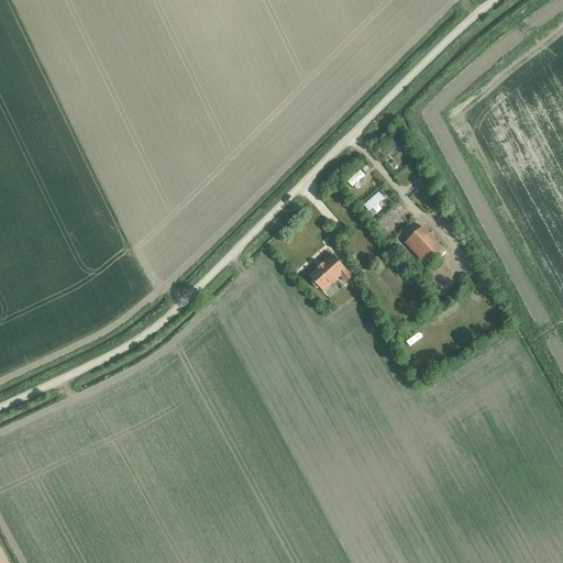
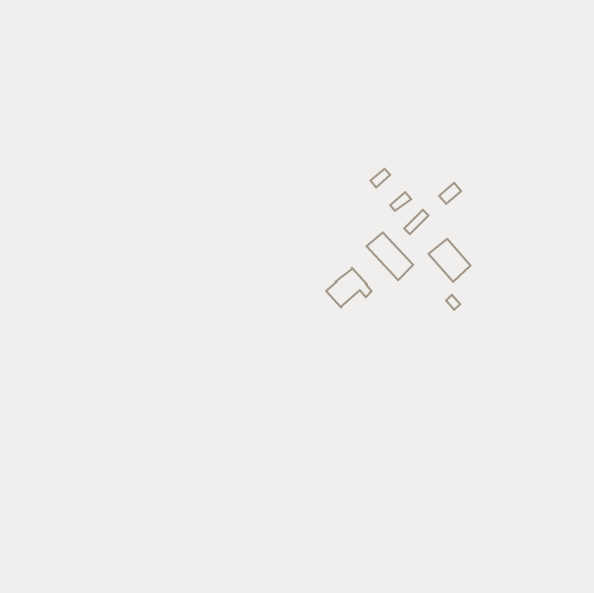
building: none -> [367,232,413,280]

